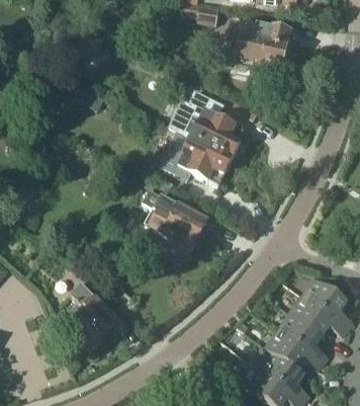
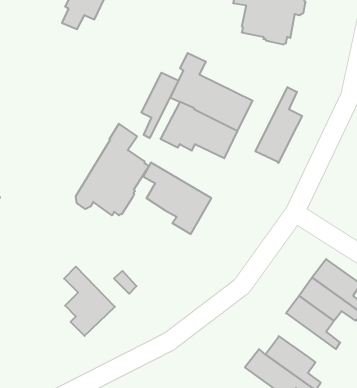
building: none -> [142,73,178,138]
building: none -> [255,87,302,163]
building: none -> [76,124,149,215]
building: [265,327,325,369] -> none

